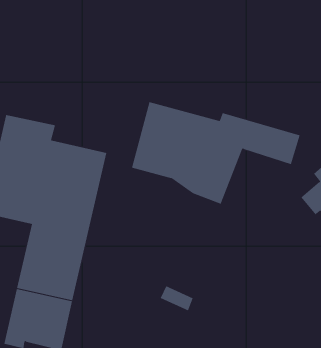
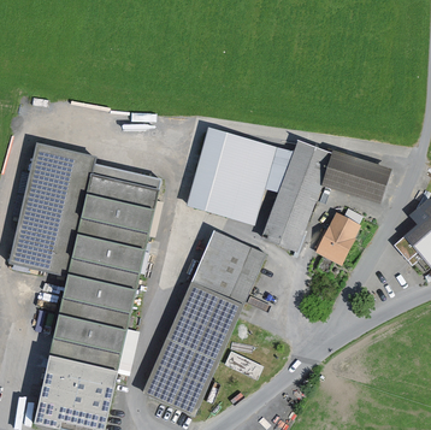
building: none -> [317,212,360,265]
building: none -> [142,230,268,417]

